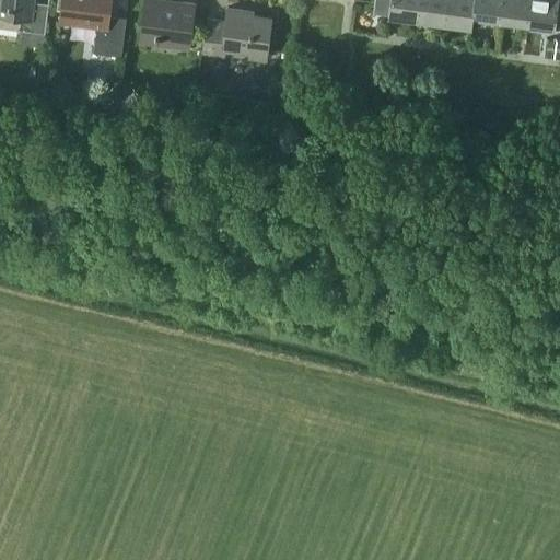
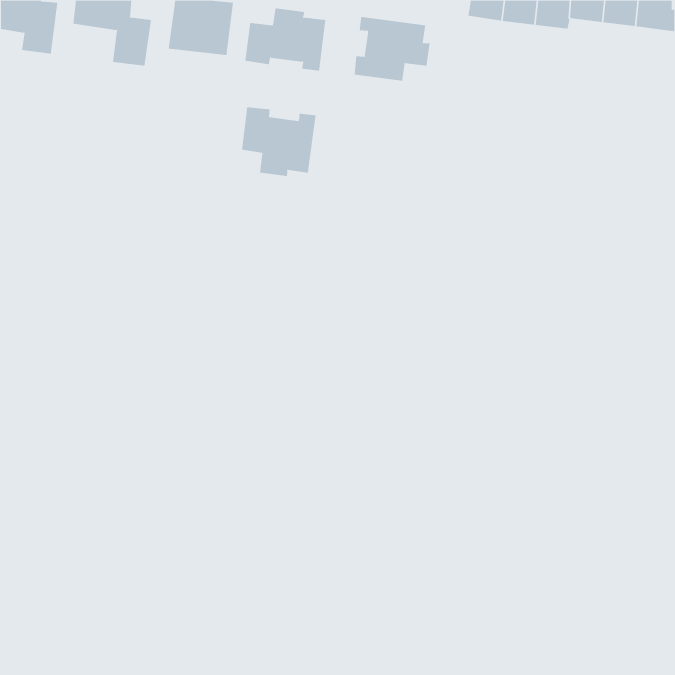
building: none -> [354,16,430,81]
building: none -> [241,106,316,177]

